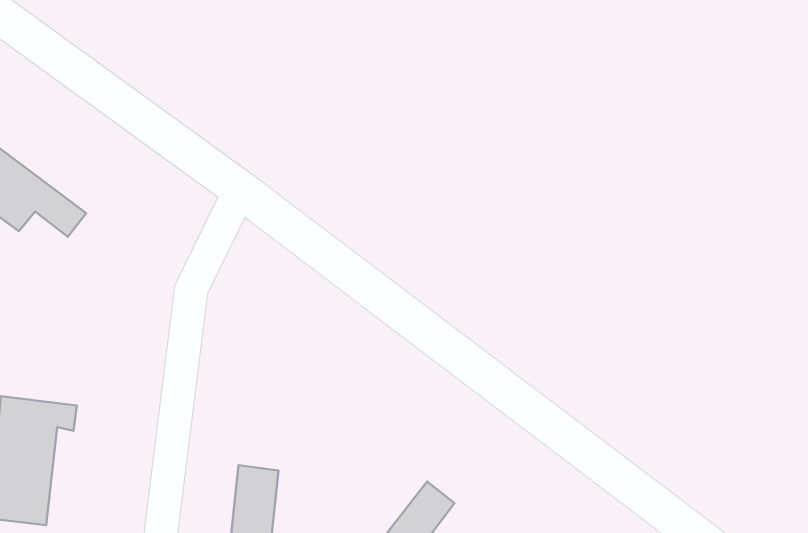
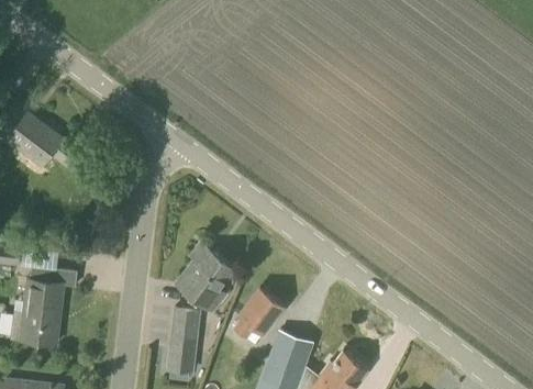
building: none -> [173,243,233,314]
building: none -> [234,289,285,340]

